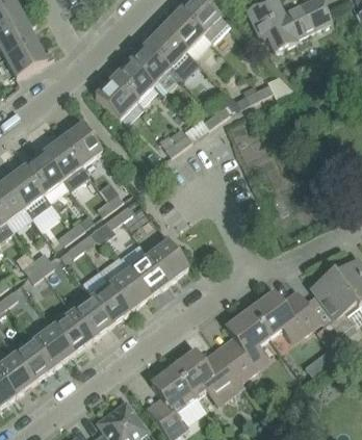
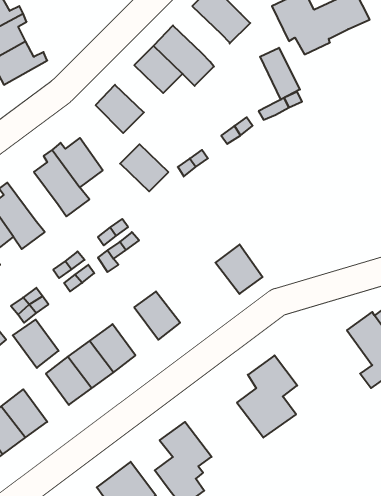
building: [161,9,203,50] -> none
building: none -> [260,48,300,100]
building: [111,60,153,101] -> [120,144,168,191]
building: [19,152,62,193] -> none
building: [147,239,187,282] -> [215,244,263,294]
building: [109,268,149,310] -> none
building: [249,292,319,342] -> none
building: [32,326,72,367] -> [13,320,59,368]
building: [172,351,242,405] -> none

